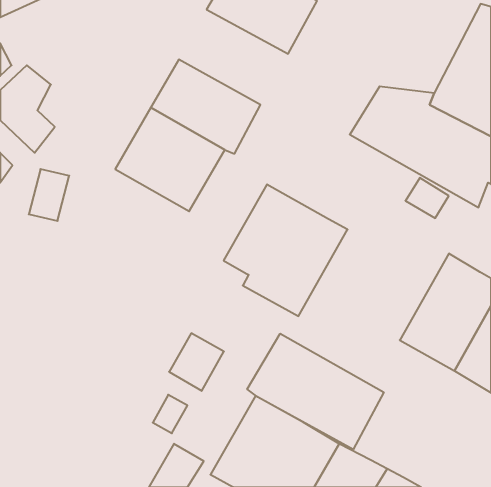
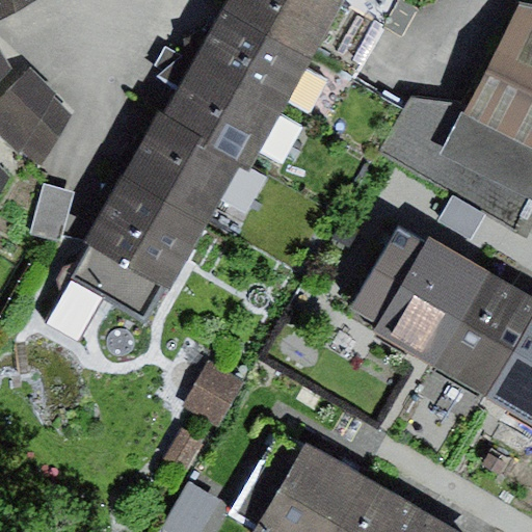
building: none -> [193,10,312,113]
building: none -> [45,183,205,335]
building: [224,184,348,316] -> [351,225,485,368]
building: [247,334,384,449] -> none

